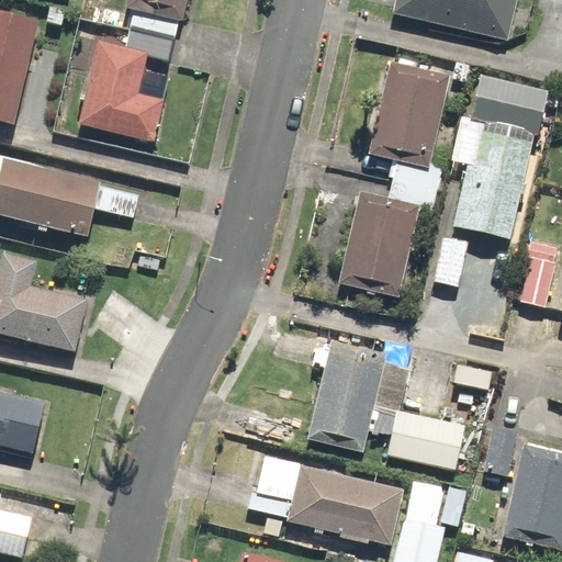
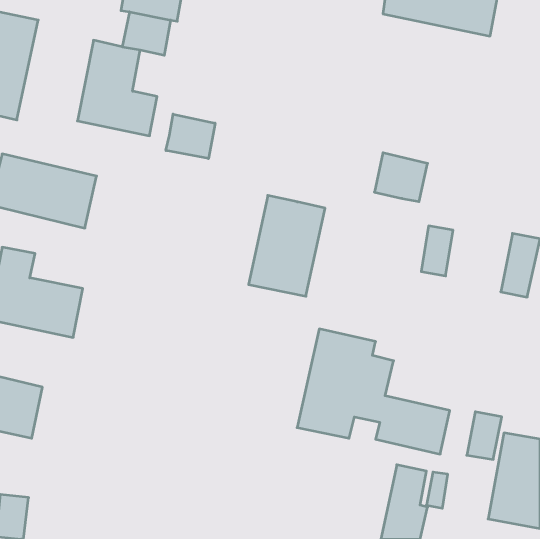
building: [364,53,449,157] -> none
building: [453,75,550,239] -> none
building: none -> [166,114,215,159]
building: [337,198,416,302] -> [249,195,325,296]
building: [258,457,404,547] -> none

